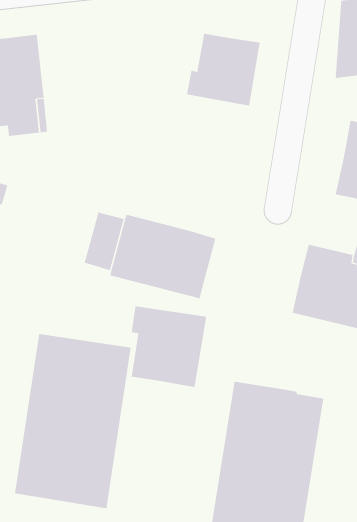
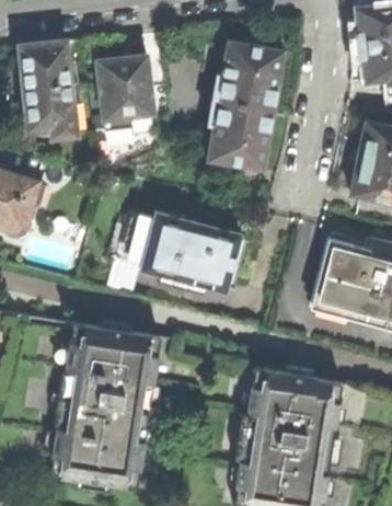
building: none -> [96,55,152,133]
building: none -> [207,99,272,170]
building: [131,305,207,388] -> none

